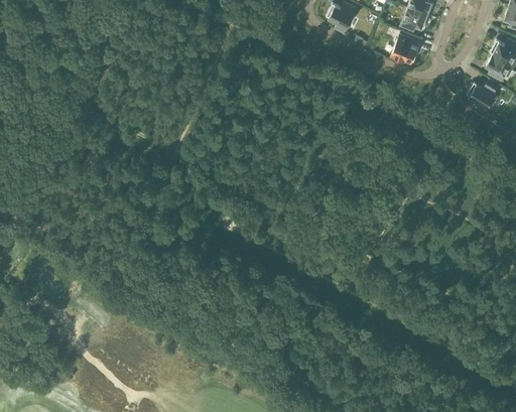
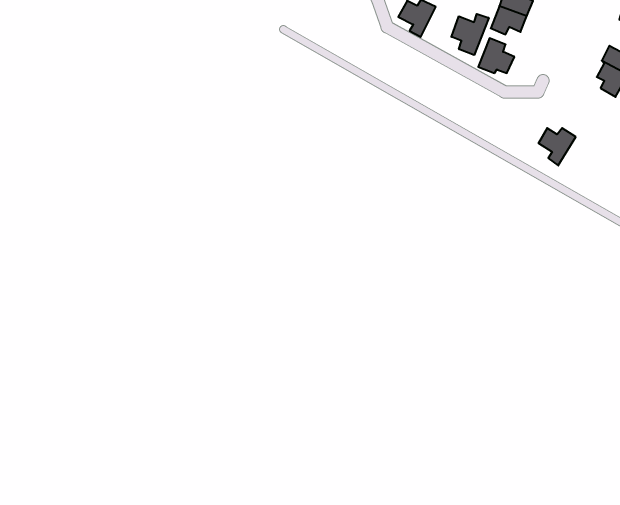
building: none -> [451,14,489,55]
building: [469,81,499,111] -> [538,128,576,166]

